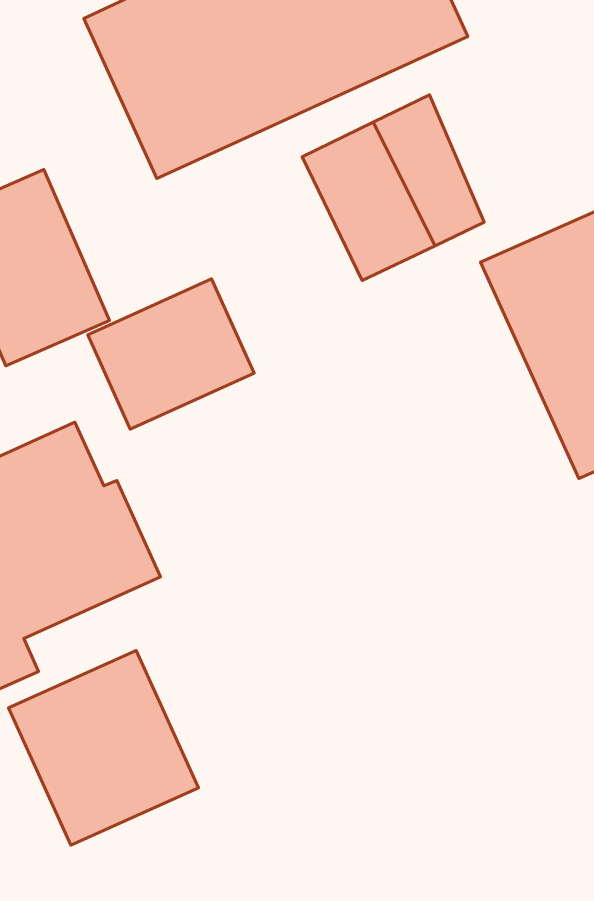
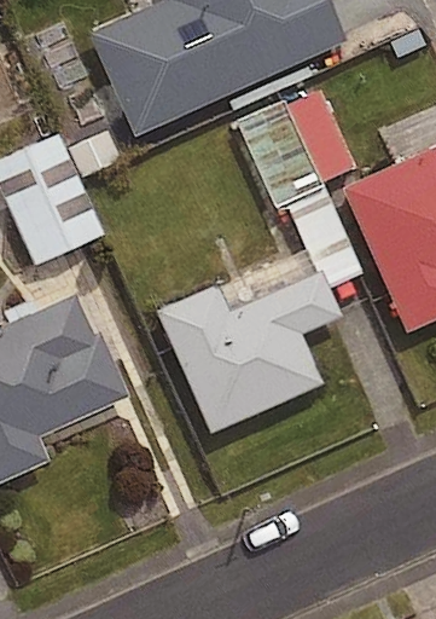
building: [88,279,254,429] -> none
building: none -> [158,272,344,434]
building: [9,650,199,845] -> none

